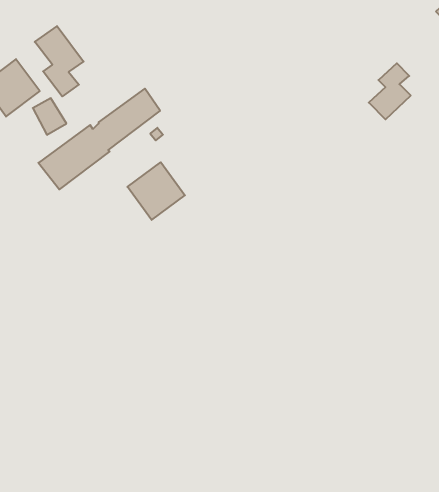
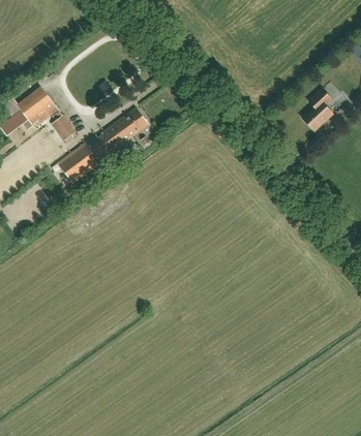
building: [35,26,84,96] -> none
building: [127,162,185,220] -> none

